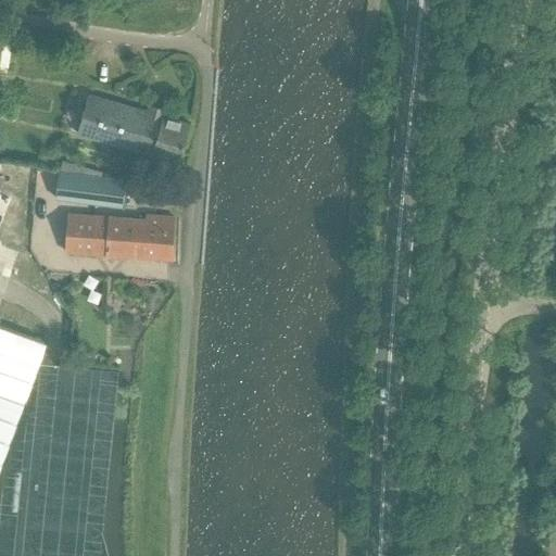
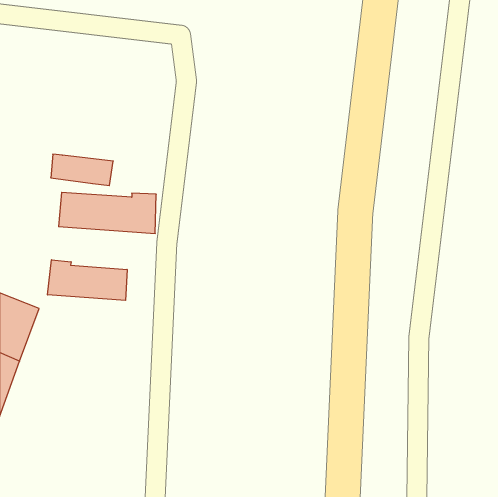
building: [78,94,190,163] -> none
building: none -> [48,260,127,300]

